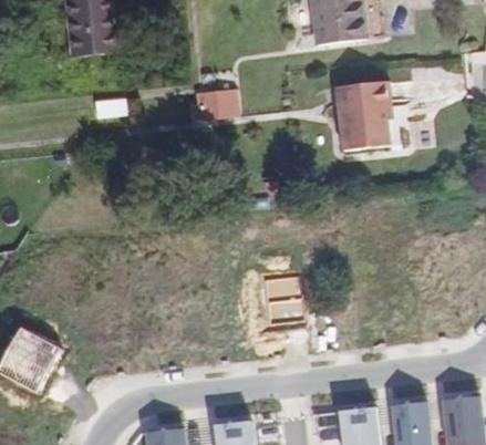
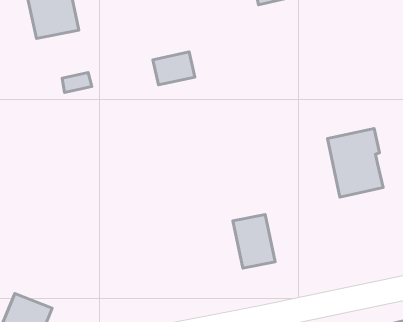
building: [335,82,390,152] -> [328,129,383,197]

